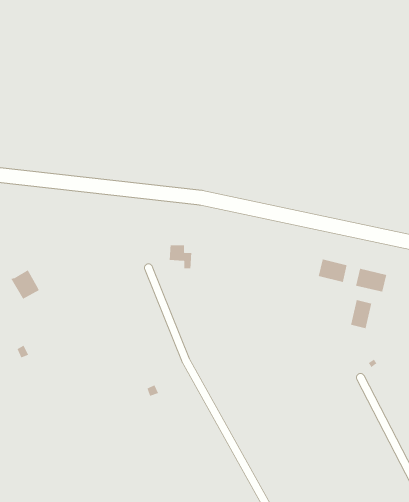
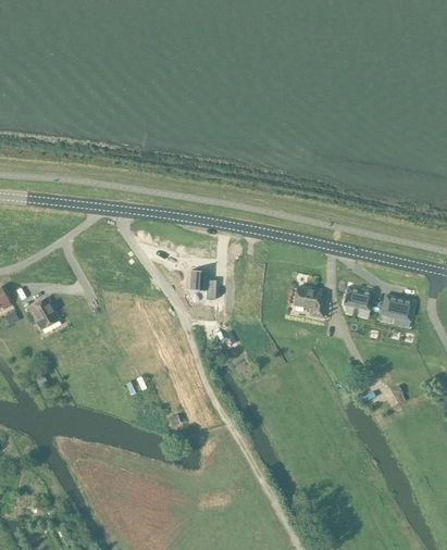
building: none -> [294,287,325,317]
building: [350,299,372,329] -> none

